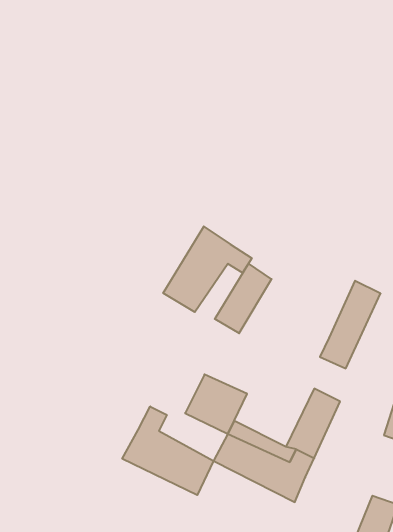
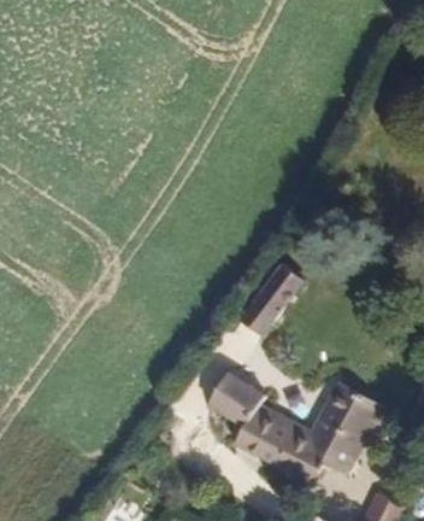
building: [163,226,252,312] -> none
building: [320,281,381,368] -> [319,394,376,476]
building: [122,406,214,495] -> none

